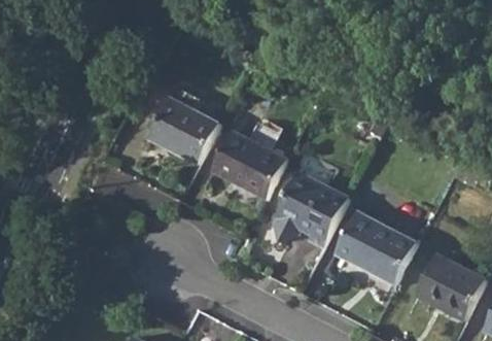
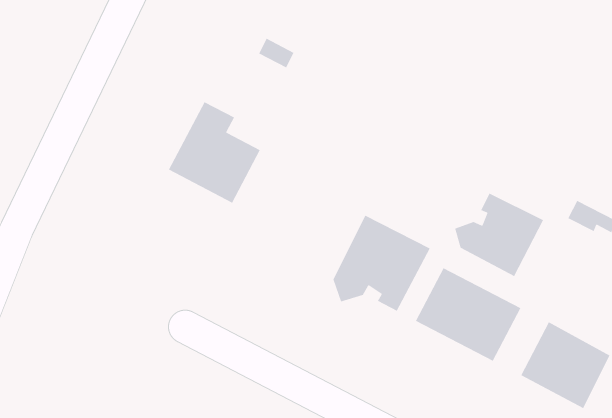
building: [209,130,286,200] -> none
building: none -> [454,192,544,277]

